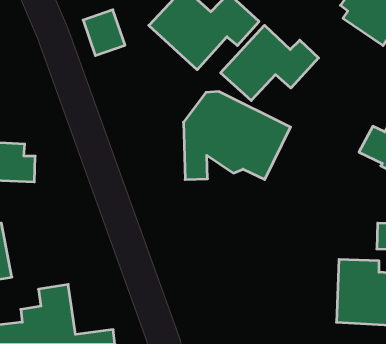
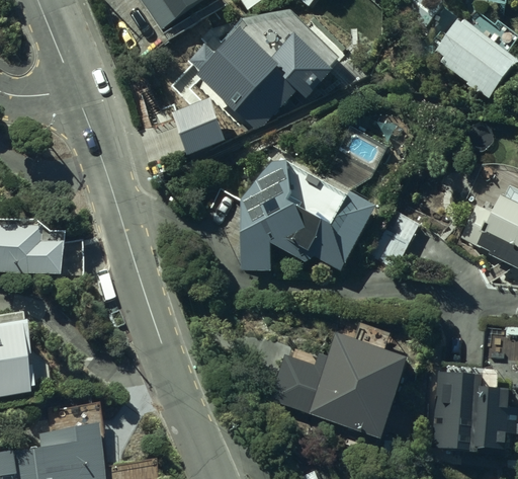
building: [83,10,125,56] -> [173,99,226,157]
building: [221,25,319,101] -> none
building: none -> [268,333,407,441]

